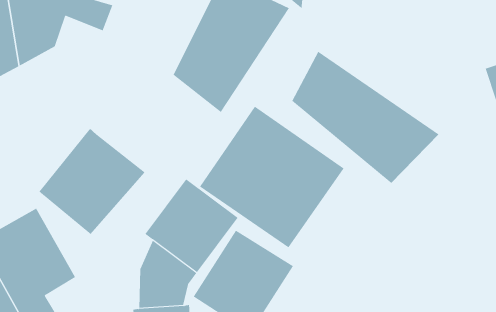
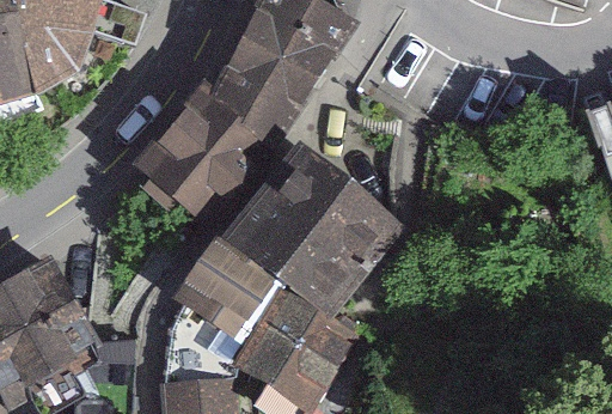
building: [292,51,440,184] -> none
building: [38,128,145,235] -> [136,95,263,221]

